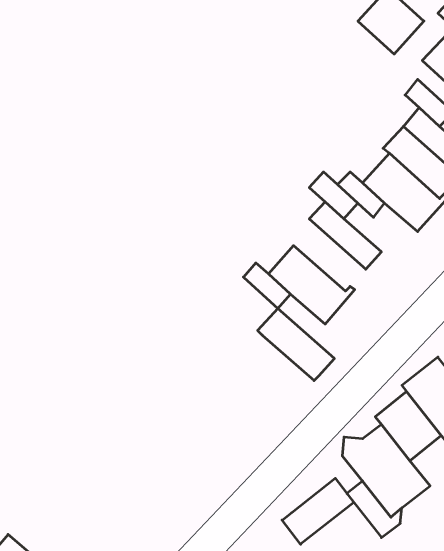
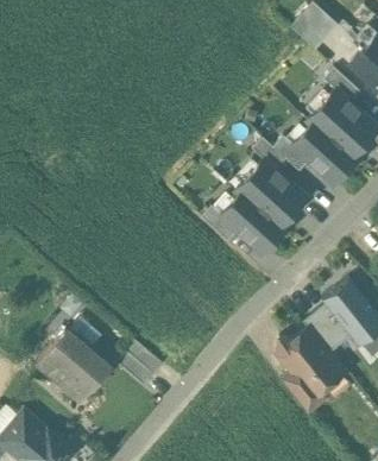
building: [258,308,334,381] -> [237,173,295,228]
building: none -> [37,330,111,402]
building: [282,478,354,544] -> none

